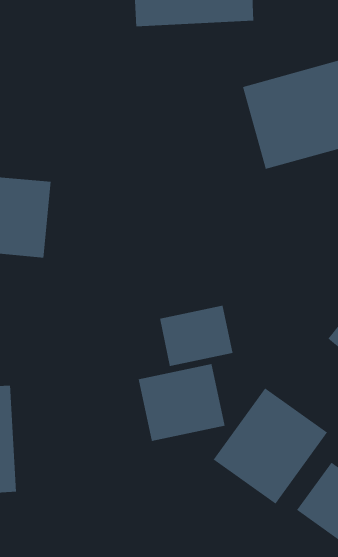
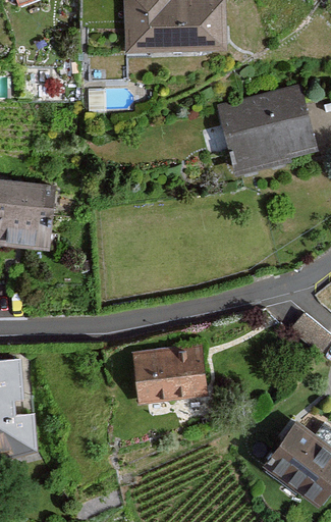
building: [159,305,233,367] -> none
building: [213,387,328,505] -> none

